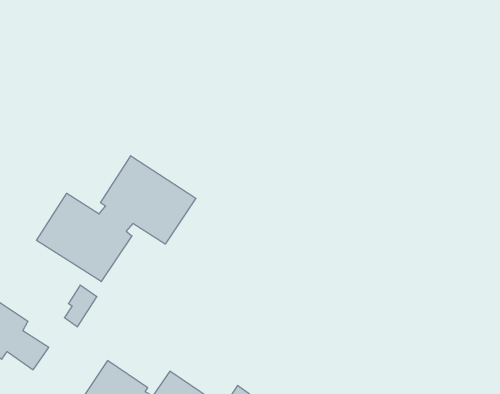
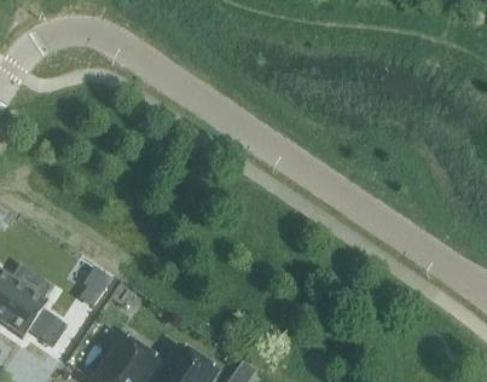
building: [37,156,196,282] -> none

